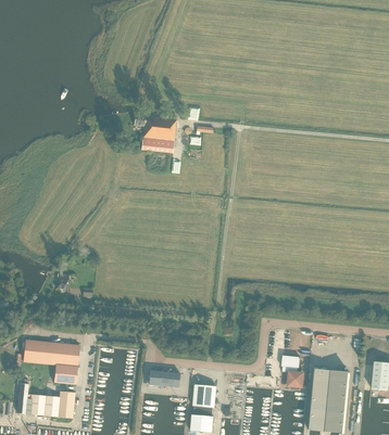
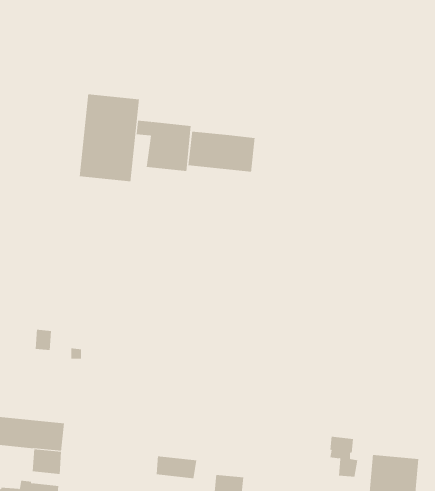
building: none -> [79,94,140,182]
building: none -> [188,131,255,172]

